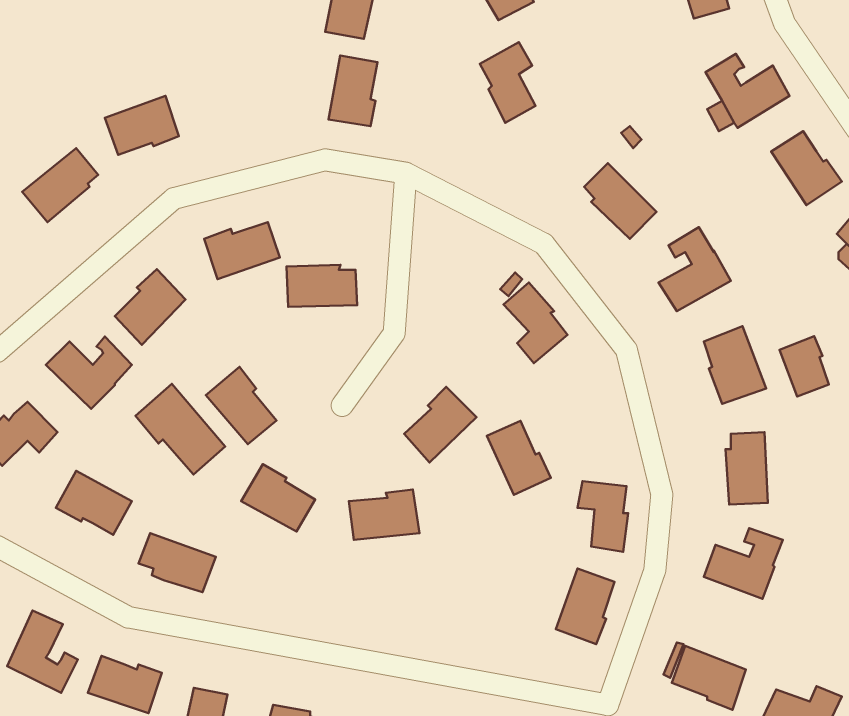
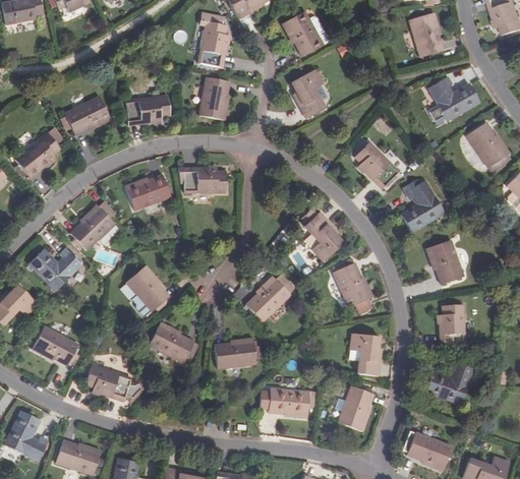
building: none -> [126,97,172,129]
building: [287,265,357,307] -> [183,167,226,192]
building: [779,336,829,397] -> none
building: [136,384,225,475] -> none
building: [487,421,551,495] -> [333,262,371,307]
building: none -> [268,388,308,418]

